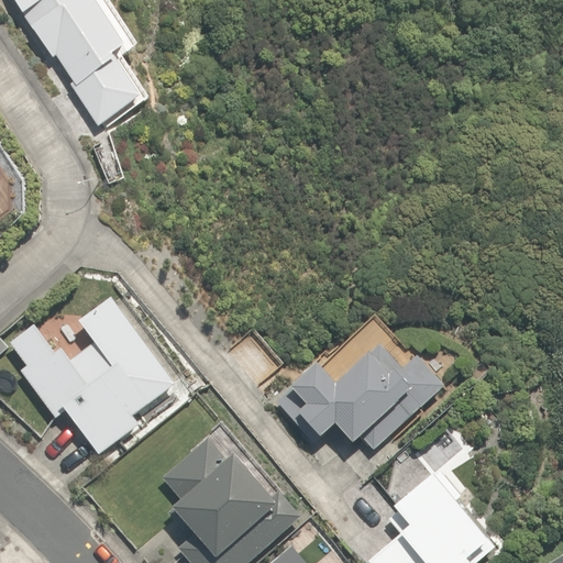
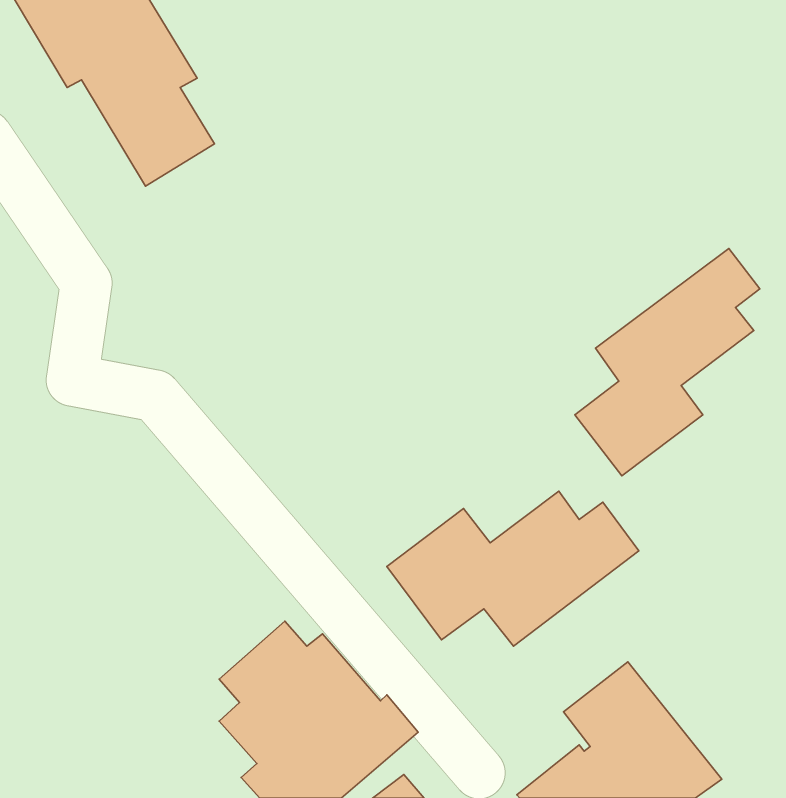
building: none -> [575,249,760,476]
building: [4,294,186,455] -> none

